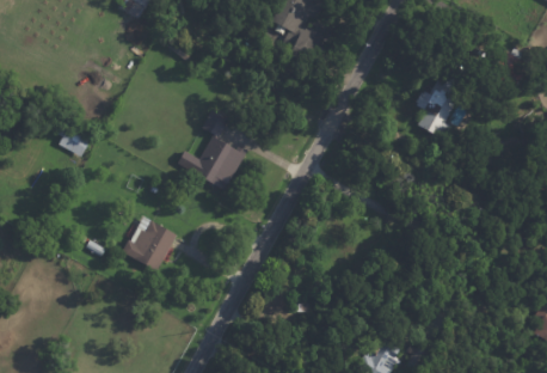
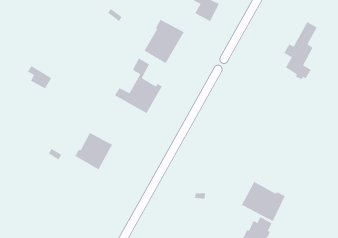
building: none -> [143,19,185,64]
building: none -> [241,181,286,222]

